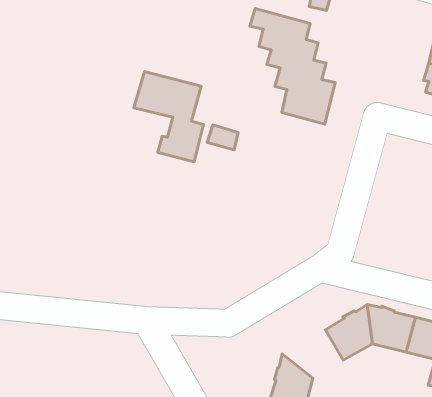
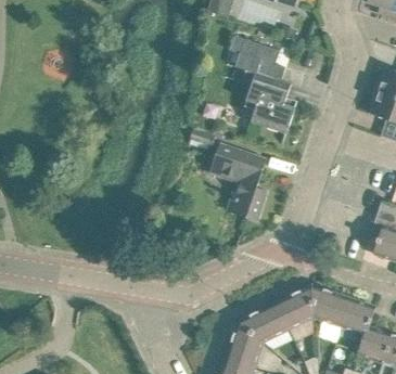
building: [134,72,204,162] -> [210,144,267,221]
building: none -> [239,304,289,343]

